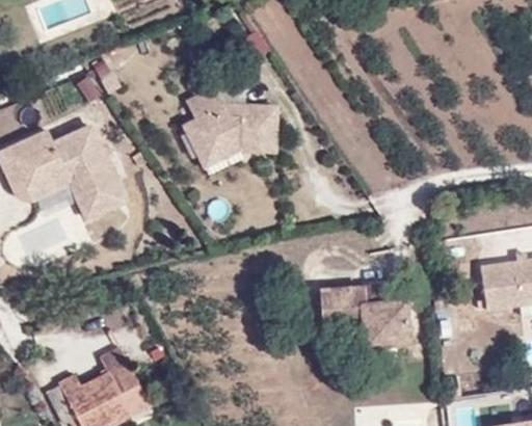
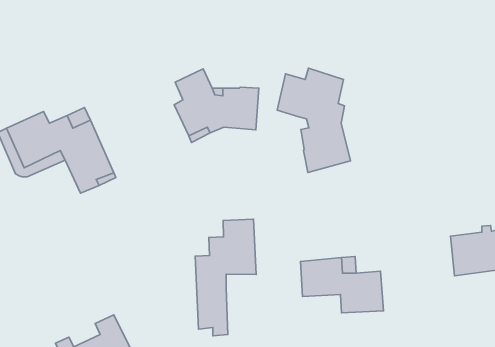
building: none -> [277,68,351,173]
building: none -> [195,219,256,336]

